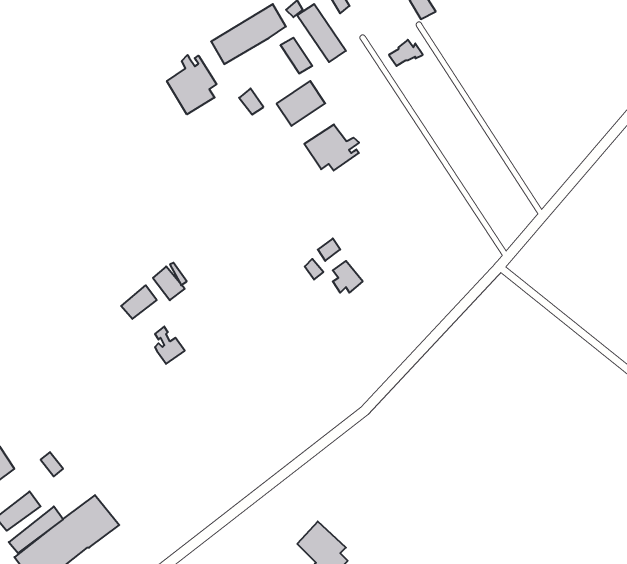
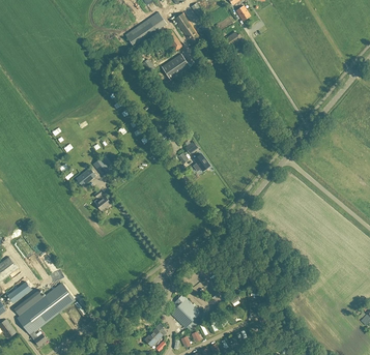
building: [167,55,217,114] -> none
building: [304,124,359,171] -> none

